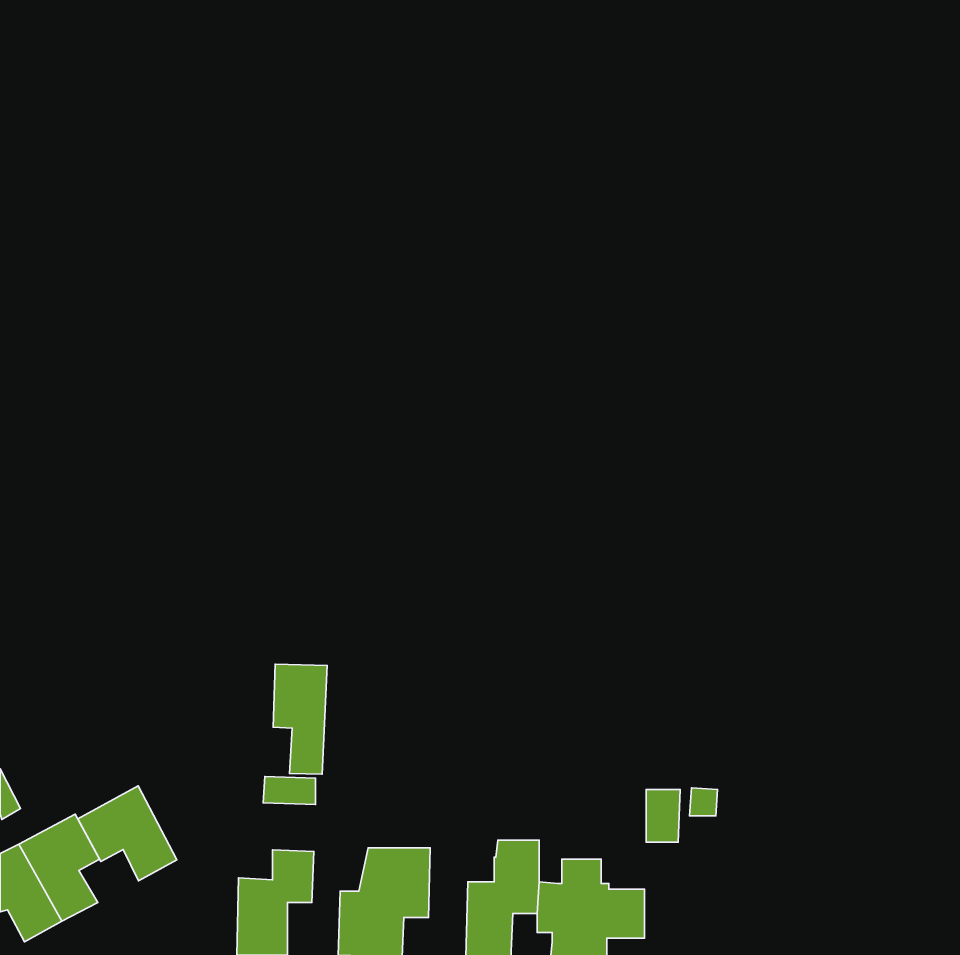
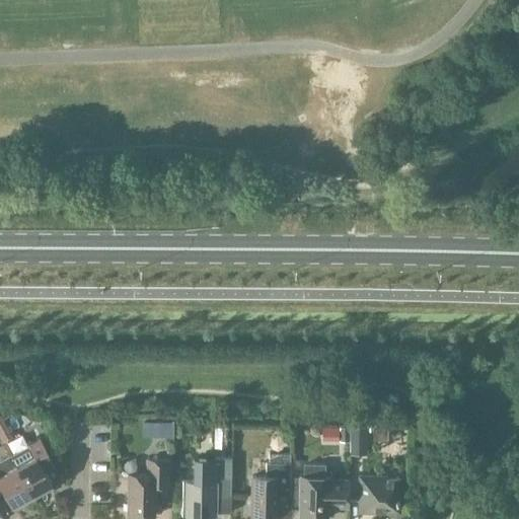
building: [273,664,327,774] -> none
building: [78,786,177,881] -> none
building: none -> [360,479,400,514]

